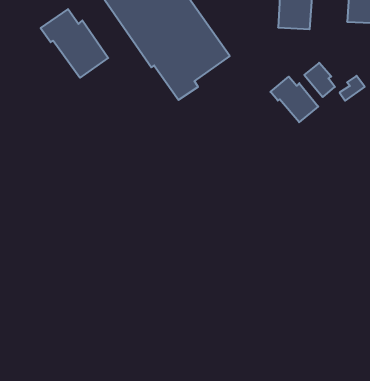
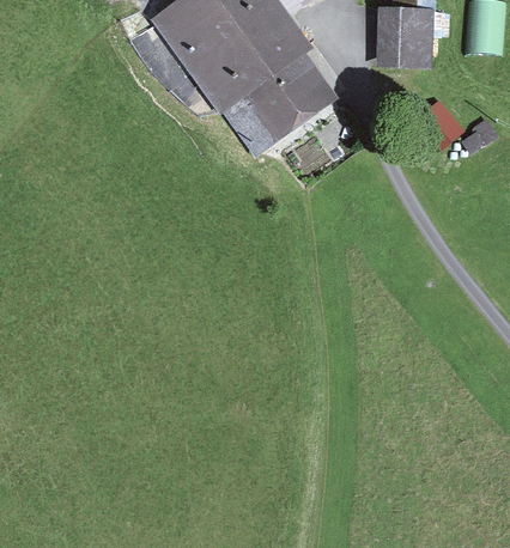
building: [41,9,108,78] -> none
building: [270,77,318,122] -> none

